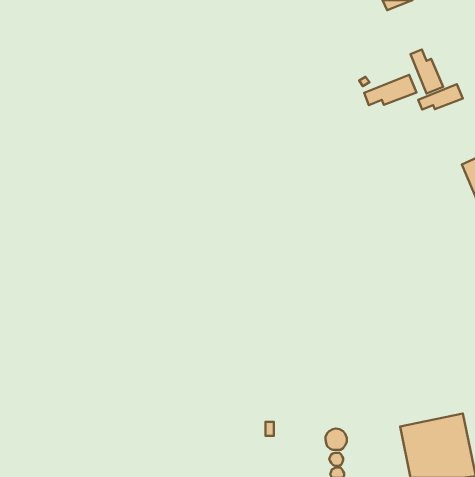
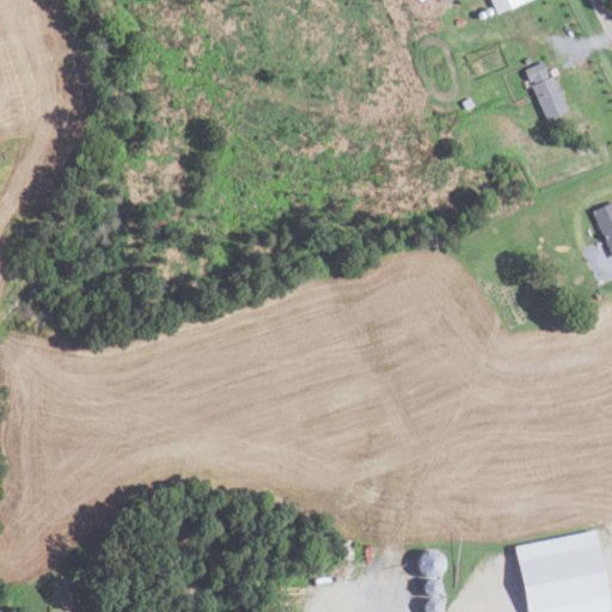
building: [364,75,416,105] -> none
building: [418,84,463,110] -> none

